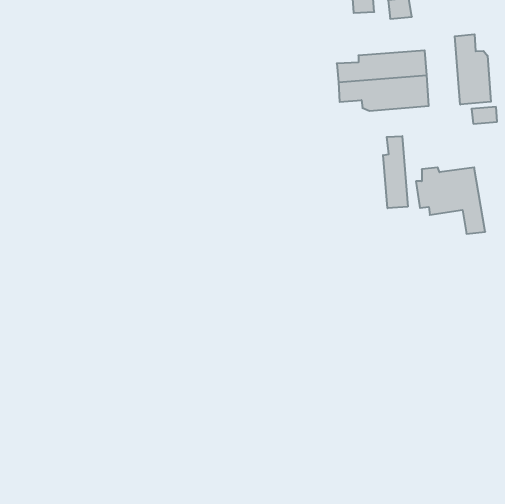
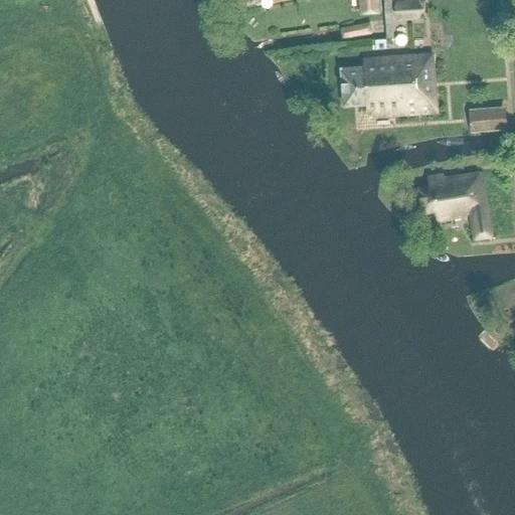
building: [455,34,491,105] -> none
building: [383,136,408,208] -> none

